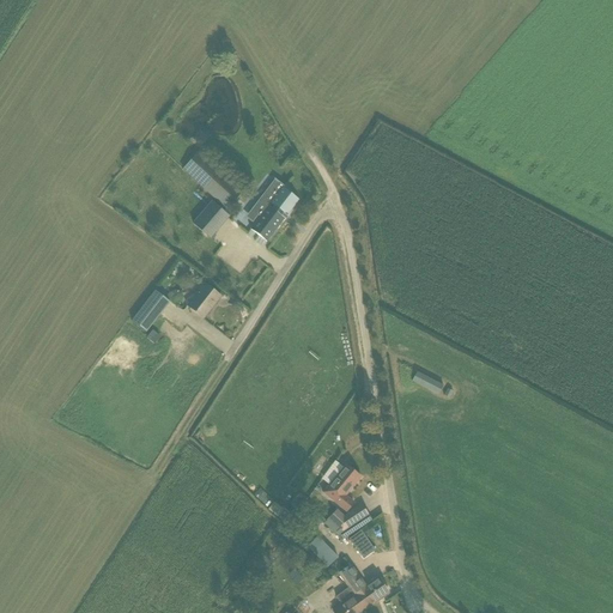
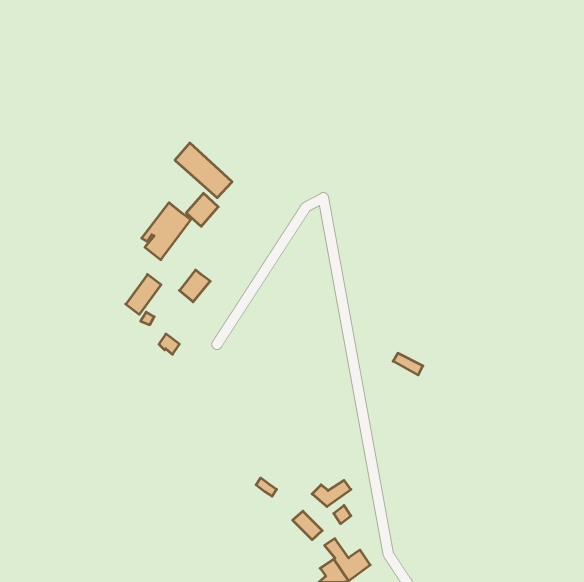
building: [247,180,298,239] -> [142,203,191,260]
building: [322,460,360,510] -> none

